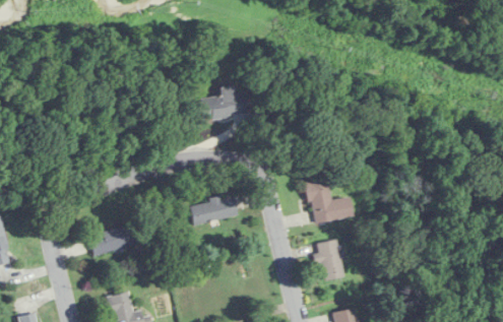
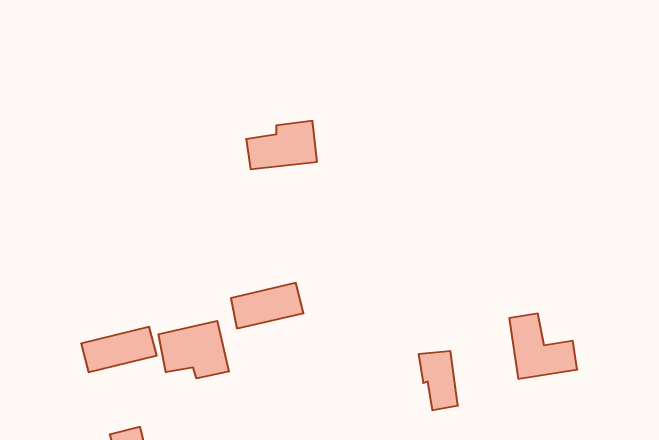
building: [306,179,352,222] -> [509,314,577,379]
building: none -> [158,321,229,378]

